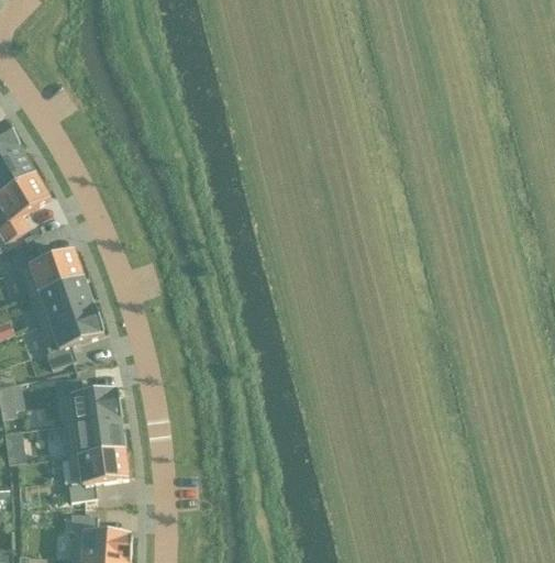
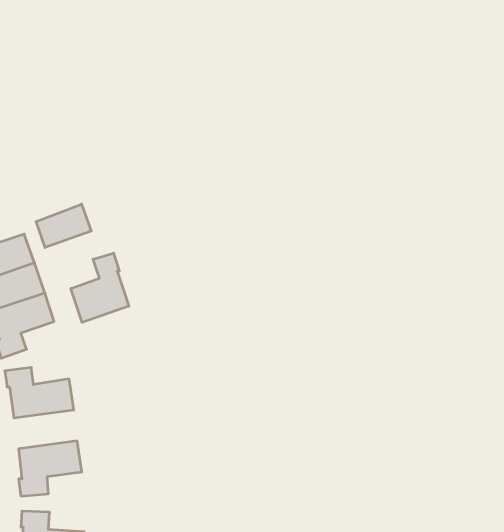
building: none -> [36,204,91,248]
building: none -> [71,253,129,322]
building: [64,418,124,455] -> none

